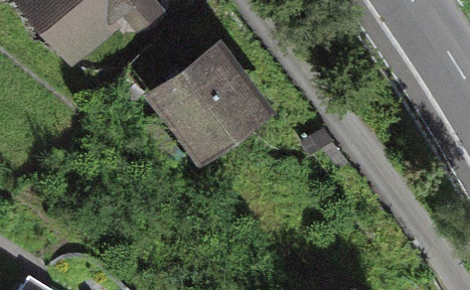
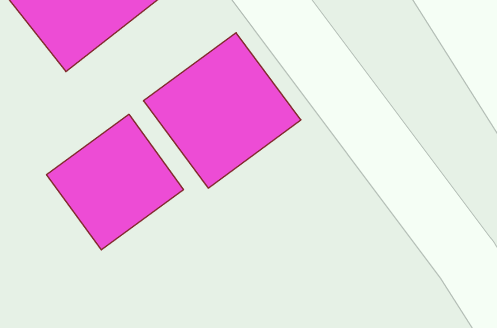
building: none -> [47,114,183,250]

